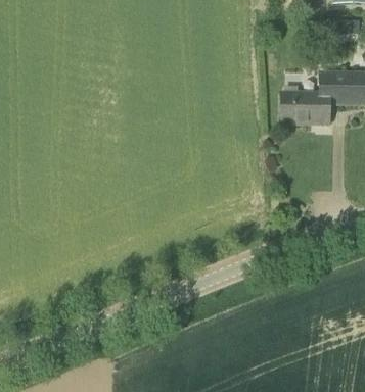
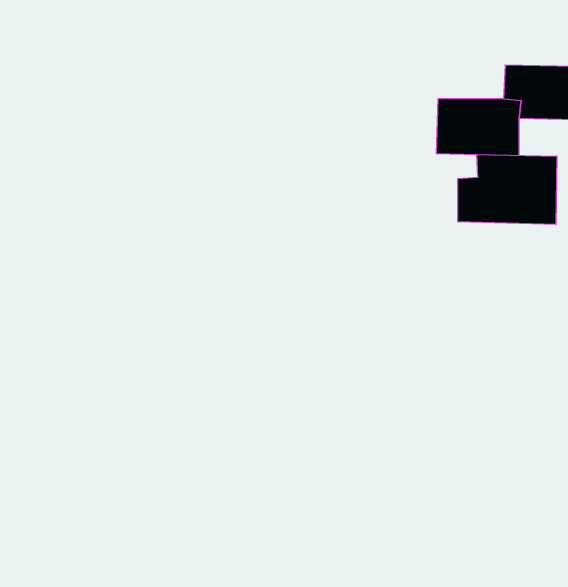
building: none -> [458,154,557,225]

